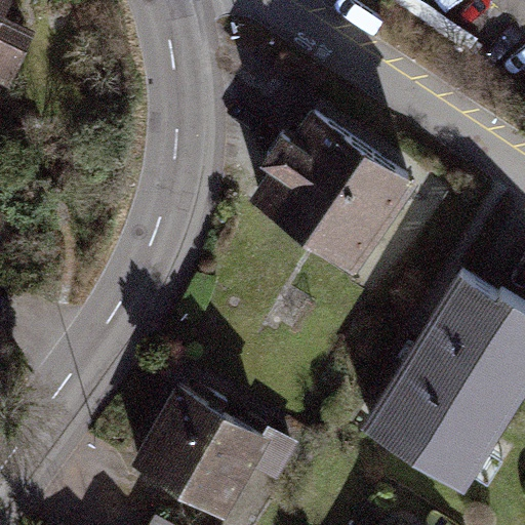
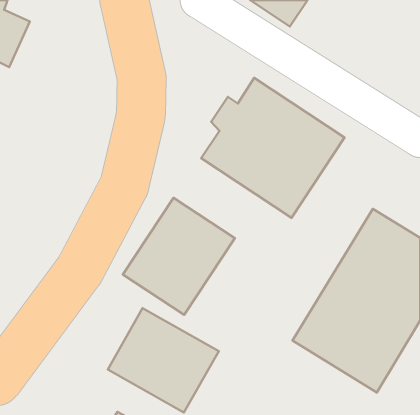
building: none -> [123,198,235,315]

